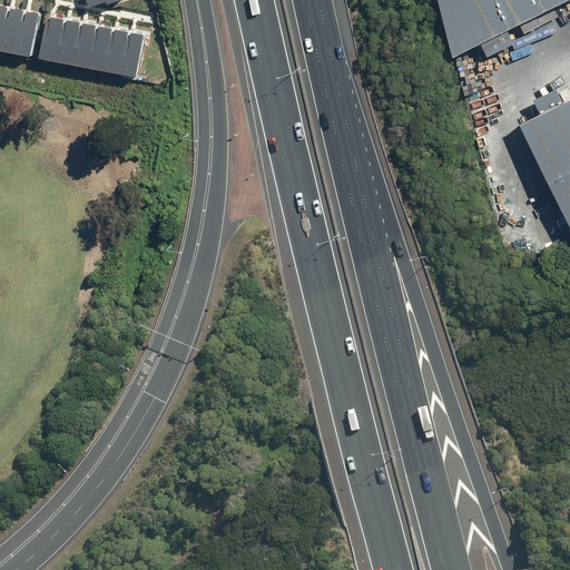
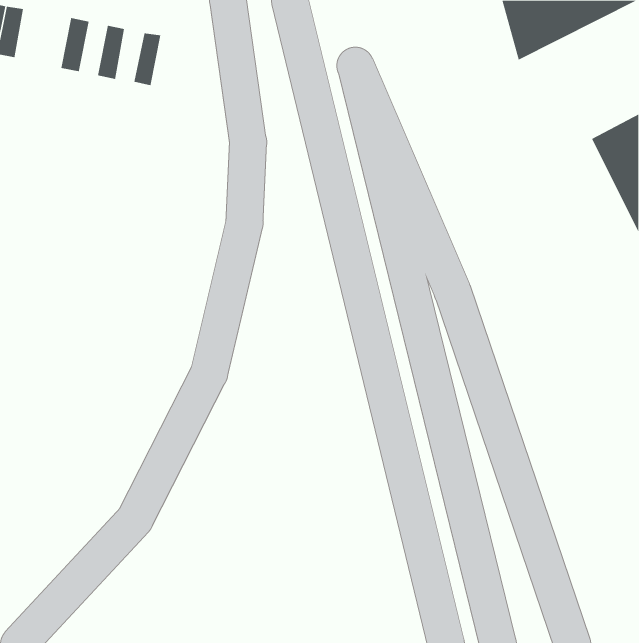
building: [13,9,37,55] -> none
building: [38,14,62,61] -> none
building: [70,20,95,68] -> none
building: [102,27,127,73] -> none

